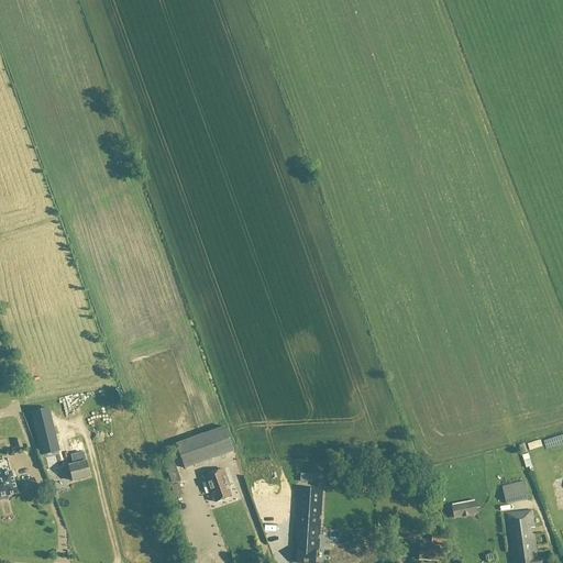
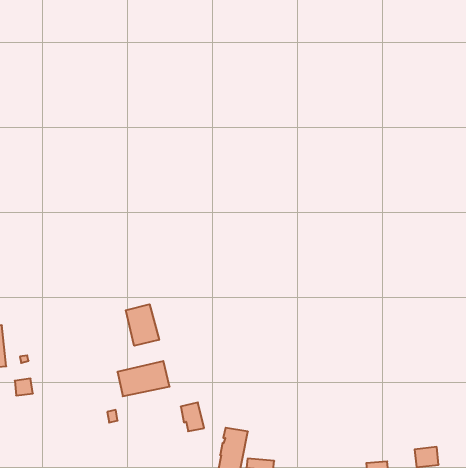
building: none -> [126,304,159,346]
building: [205,467,232,499] -> [181,402,204,431]

